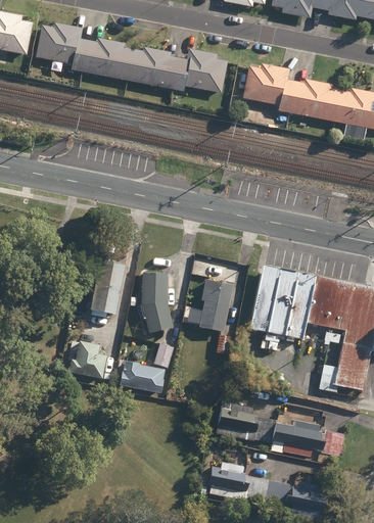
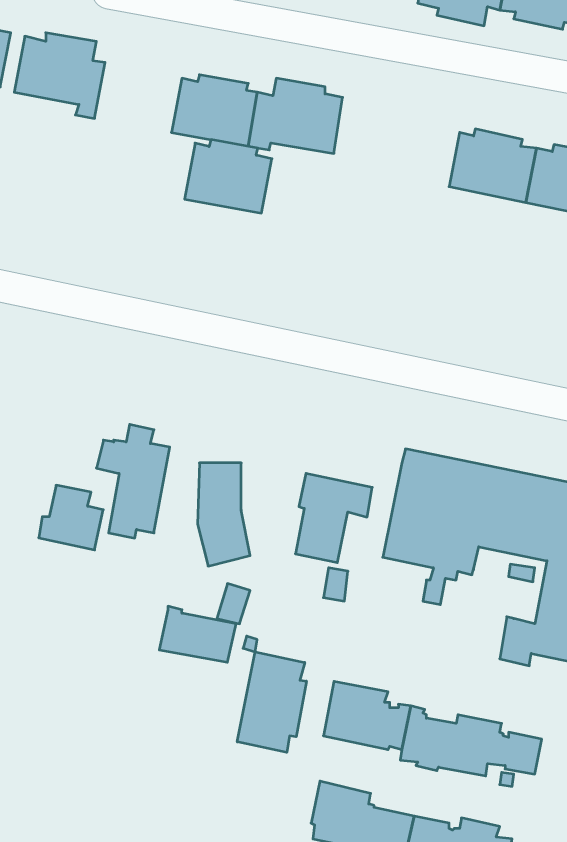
building: [82,38,133,81] -> [185,140,272,213]
building: [242,63,295,112] -> none
building: [68,341,106,379] -> [39,485,103,550]
building: none -> [237,652,306,752]

